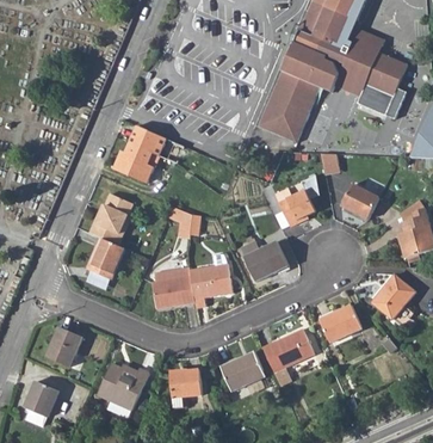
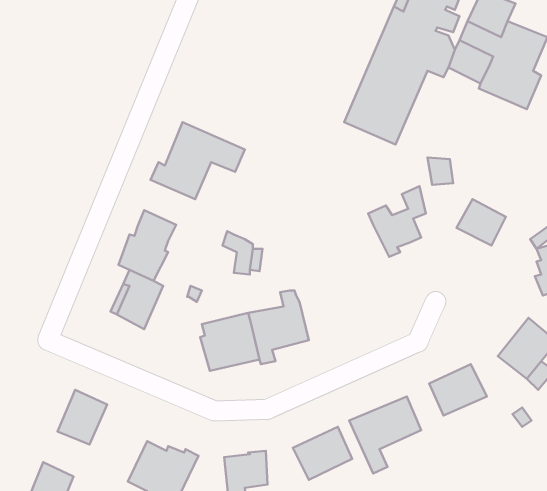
building: [236,241,285,282] -> none

